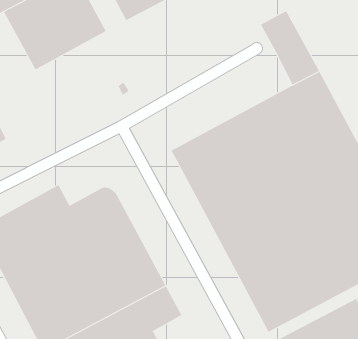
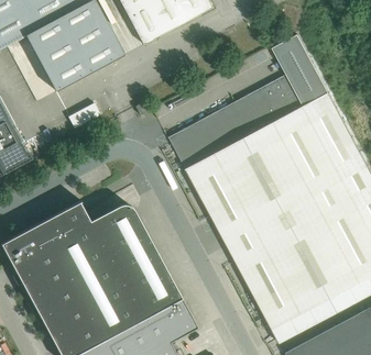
building: none -> [168,74,303,168]

